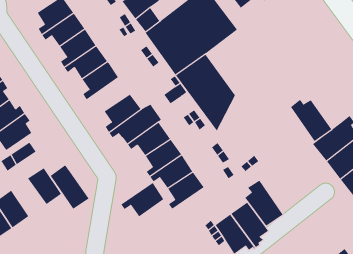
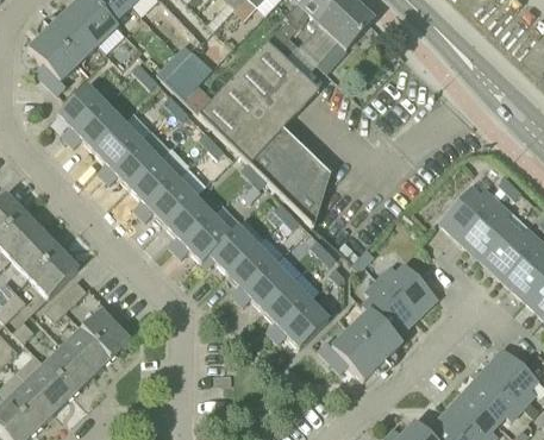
building: none -> [140,176,195,224]
building: [290,100,332,142] -> [380,263,438,316]
building: [50,165,90,209] -> [56,318,112,373]
building: [121,182,164,217] -> [274,298,329,346]

